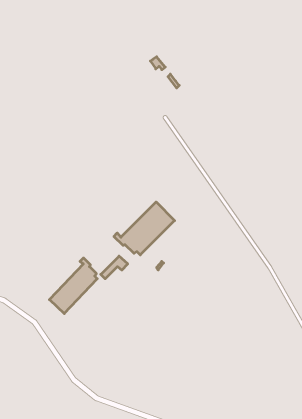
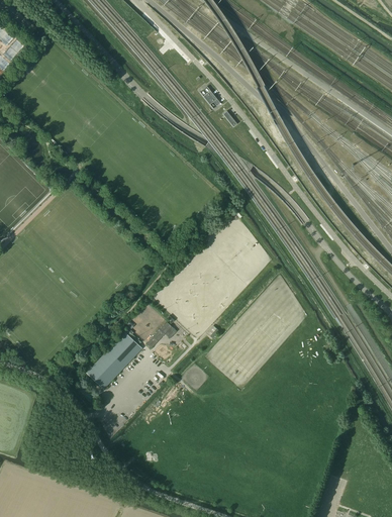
building: [114,202,175,255] -> none

